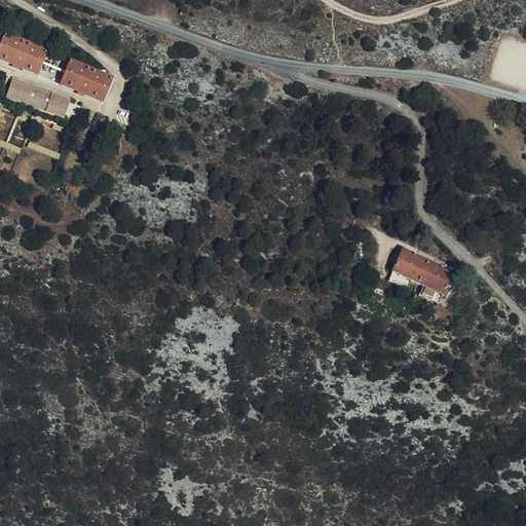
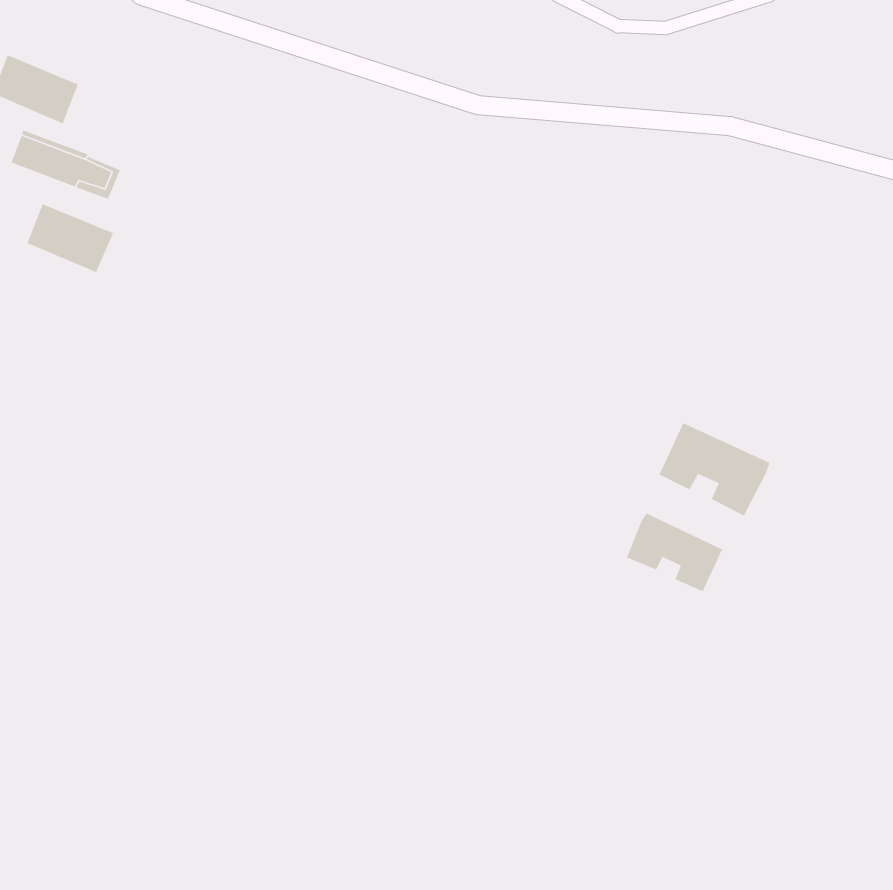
building: [61,59,112,100] -> [26,203,114,273]
building: none -> [626,512,723,592]

